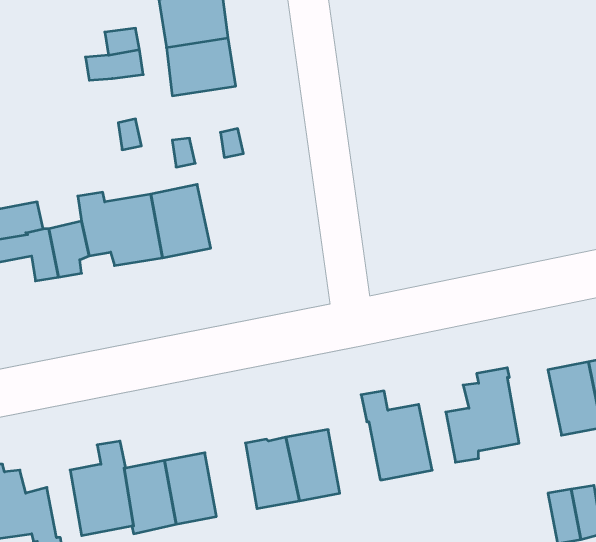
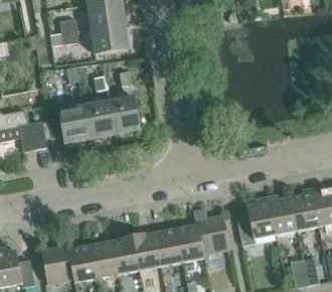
building: none -> [108,96,140,133]
building: none -> [270,196,298,235]
building: none -> [176,224,204,261]
building: none -> [112,235,139,273]

